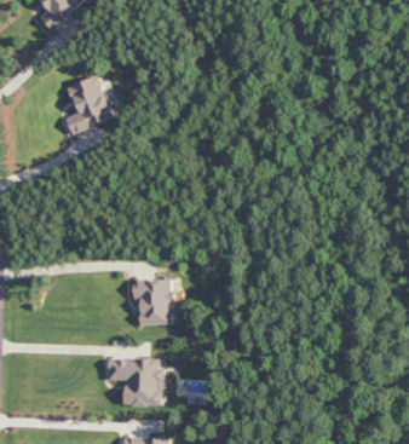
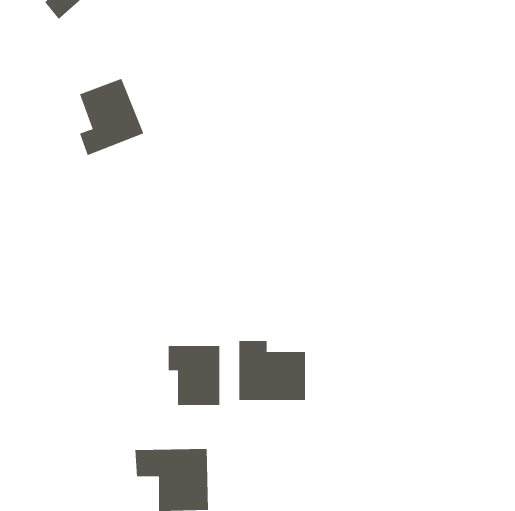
building: none -> [239,340,306,401]

